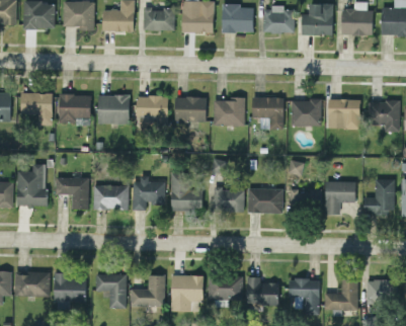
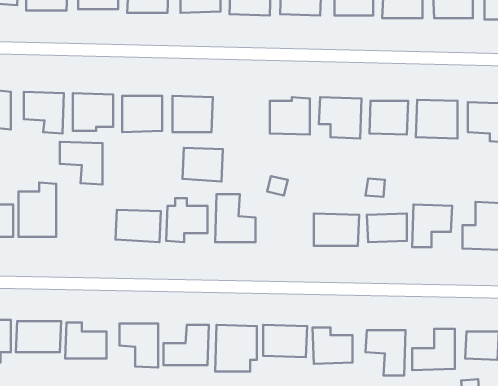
building: [174,97,206,124] -> [183,148,223,181]
building: [55,177,88,211] -> [60,142,102,185]
building: [213,189,244,213] -> none

